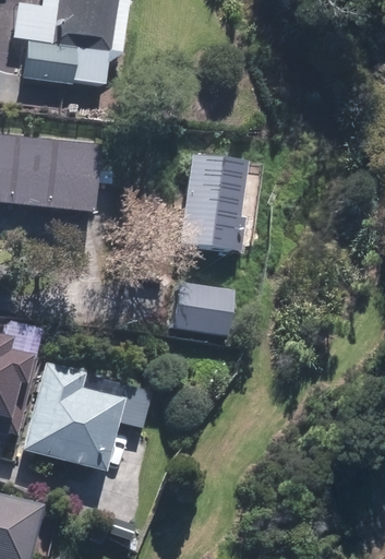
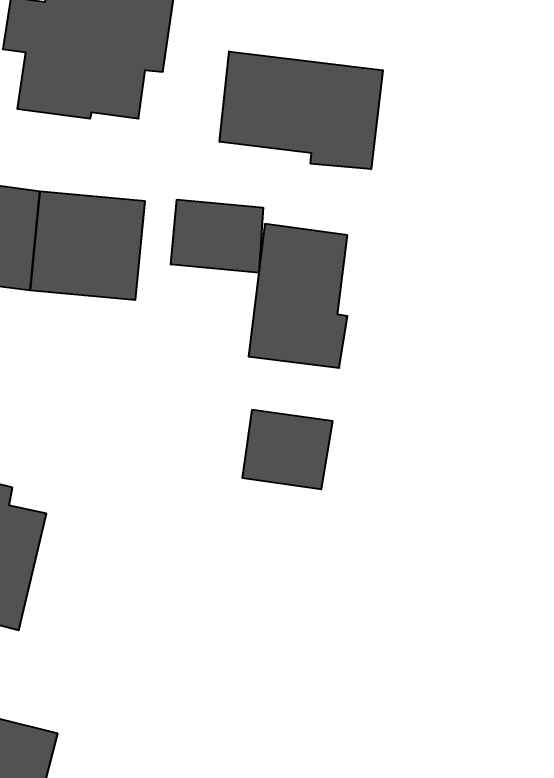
building: none -> [220,51,383,169]
building: none -> [171,200,263,273]
building: [23,361,155,469] -> none

